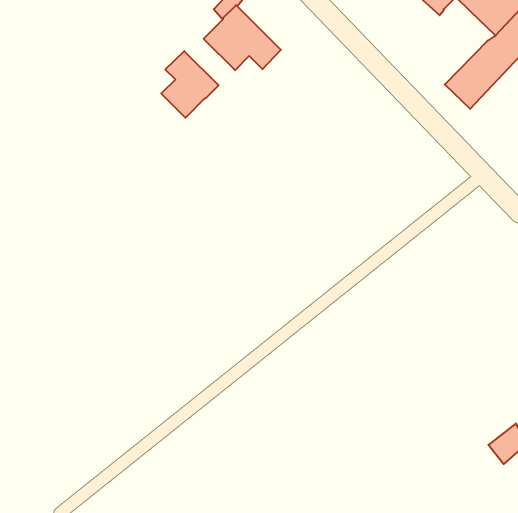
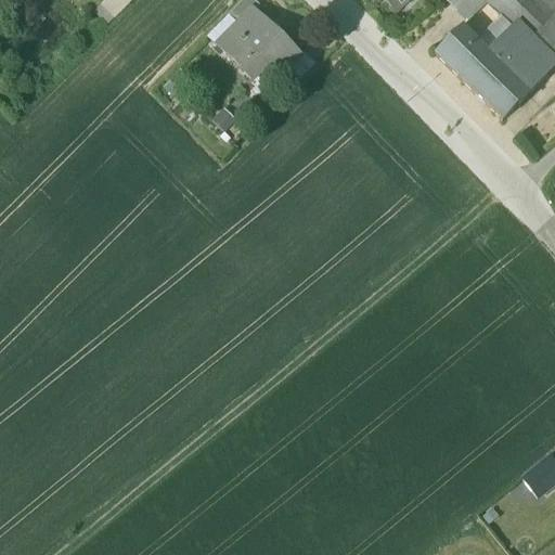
building: none -> [436,12,530,90]
building: [161,51,219,118] -> none

